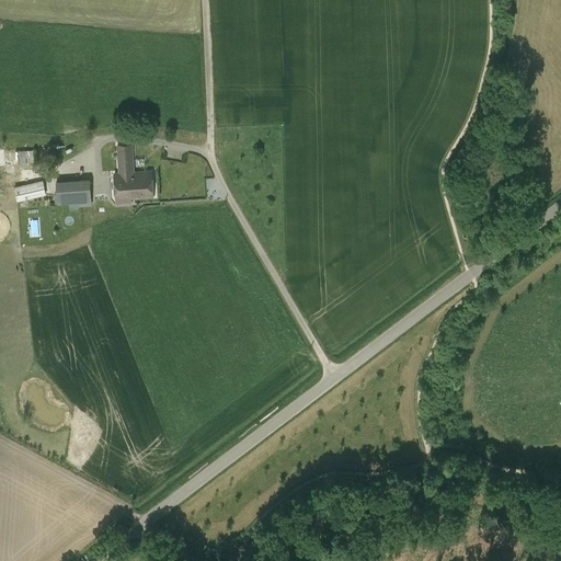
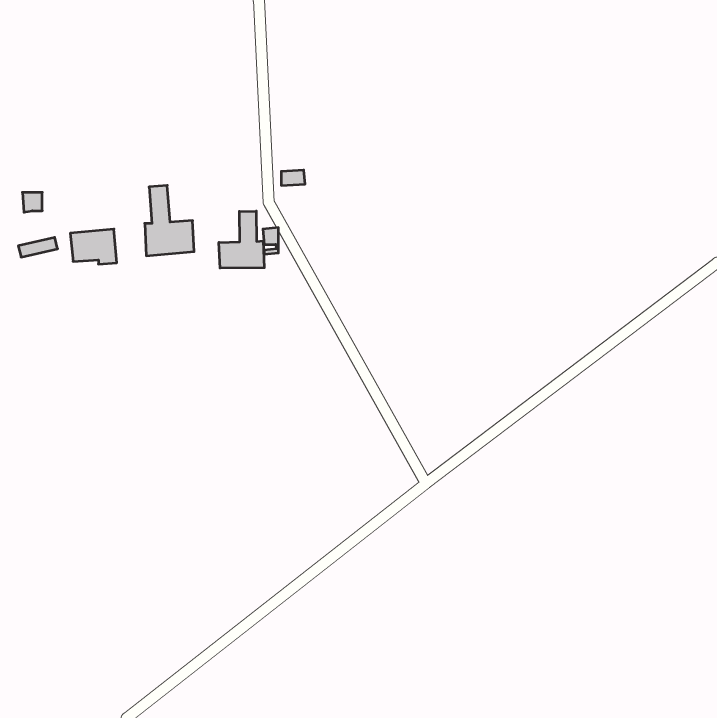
building: none -> [219,211,264,268]

